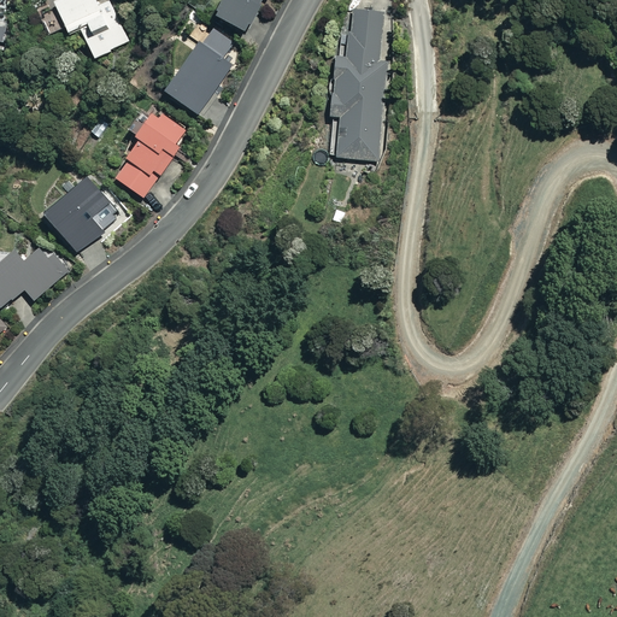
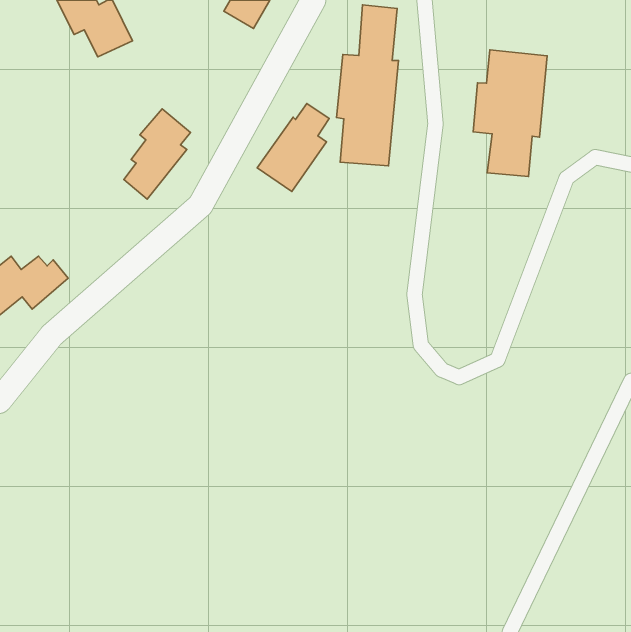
building: [161,29,231,114] -> [257,104,329,191]
building: none -> [473,50,547,176]
building: [46,182,116,254] -> none

